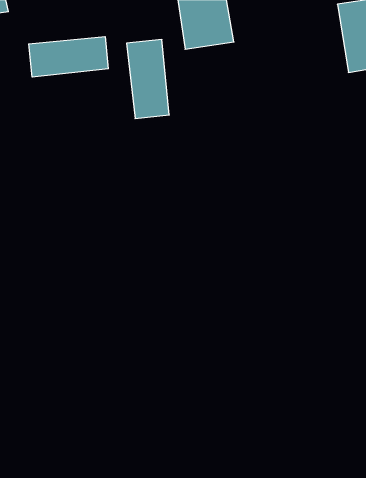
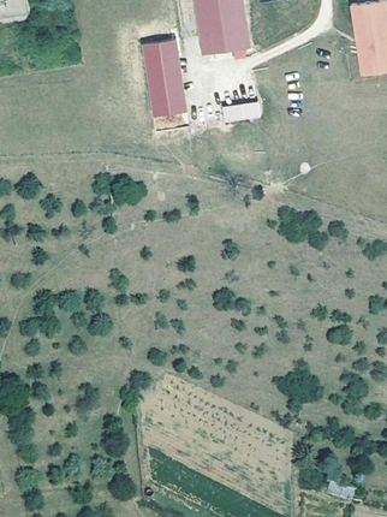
building: [29,37,108,77] -> none
building: none -> [221,101,261,124]

